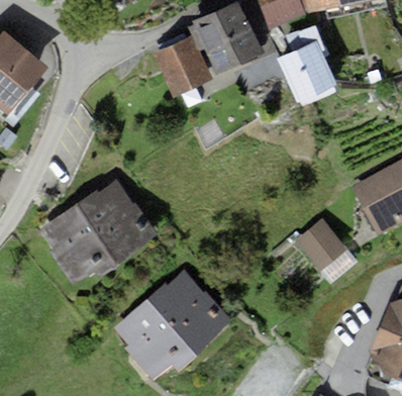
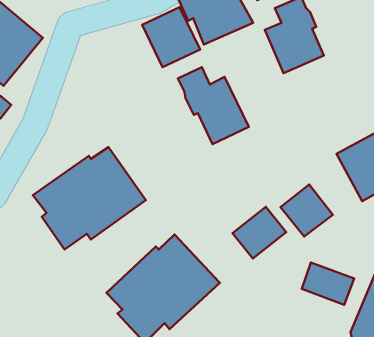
building: none -> [178,67,249,144]
building: none -> [232,207,286,259]
building: none -> [302,263,354,305]

